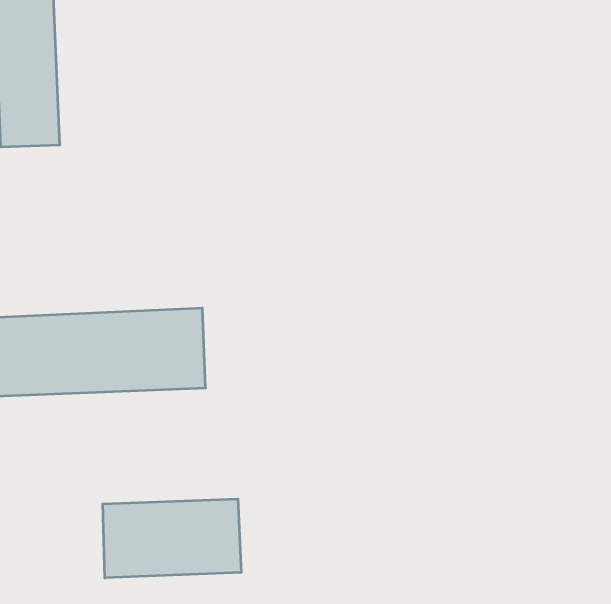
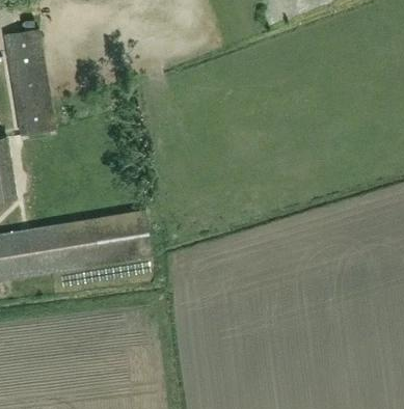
building: [103,499,241,578] -> none

